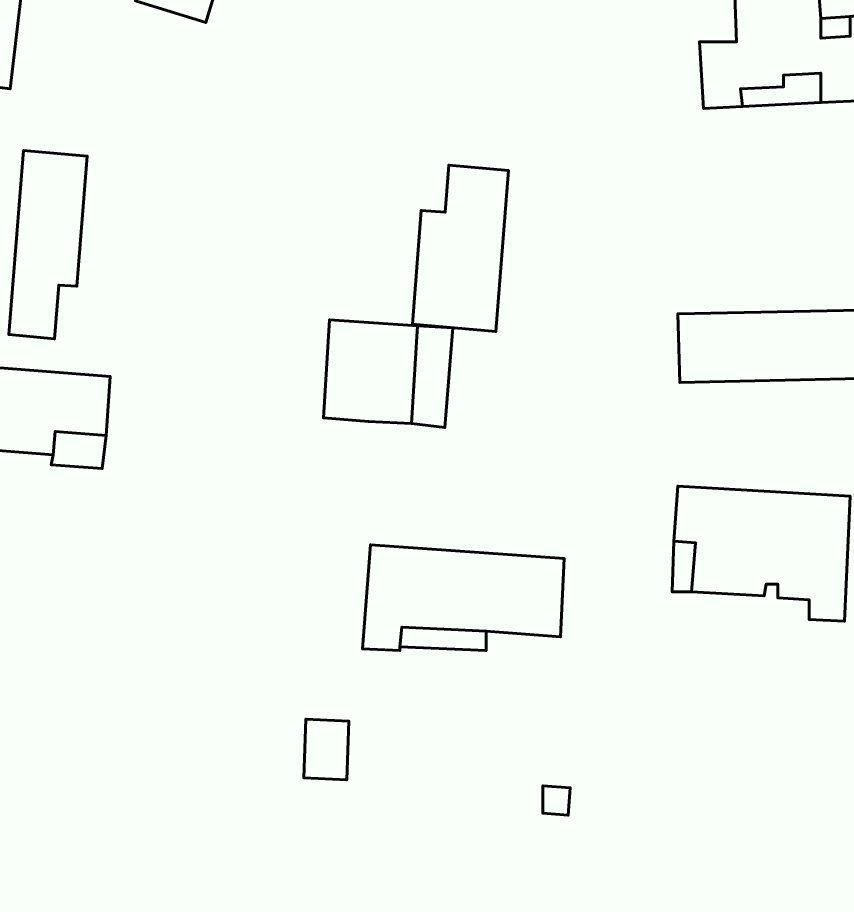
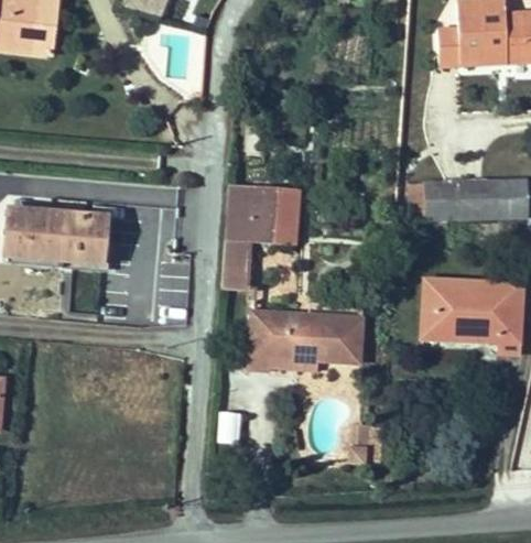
building: [9,151,87,339] -> none
building: [412,165,508,331] -> none
building: none -> [223,239,252,290]

